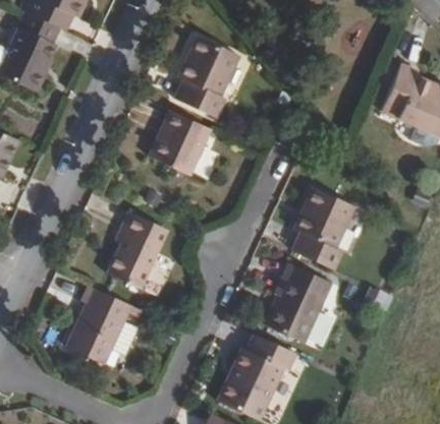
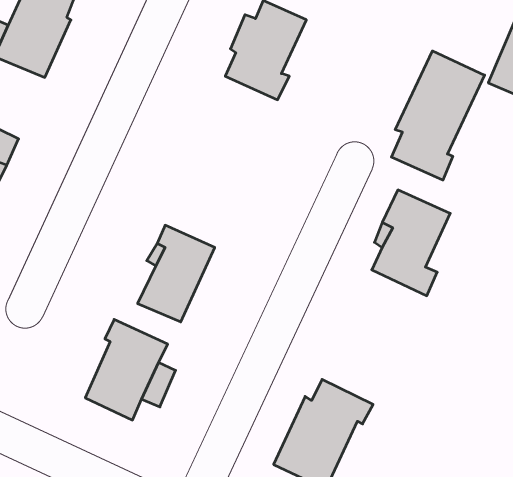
building: none -> [391,51,485,180]
building: [152,110,213,174] -> none
building: [263,262,328,342] -> none

